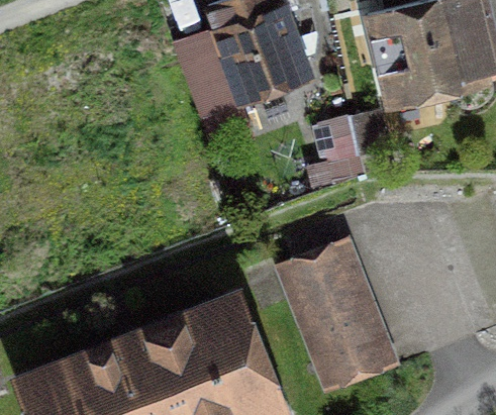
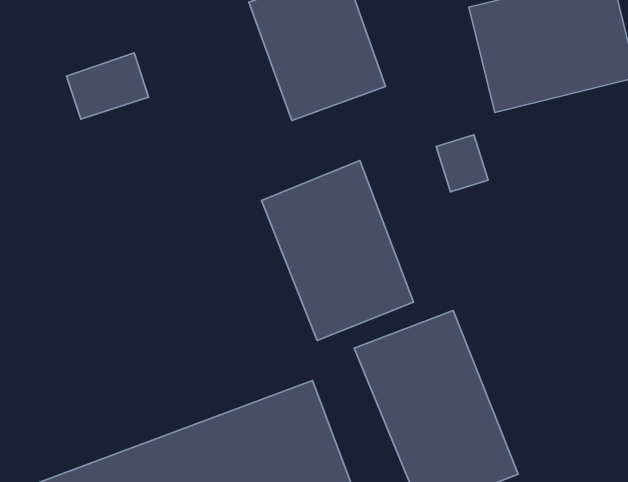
building: none -> [262,160,413,341]

